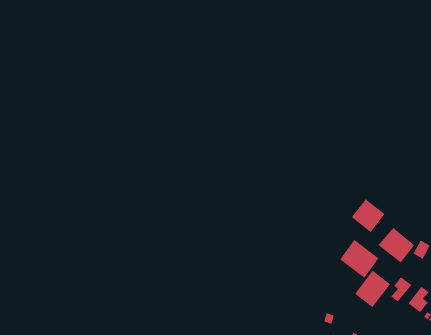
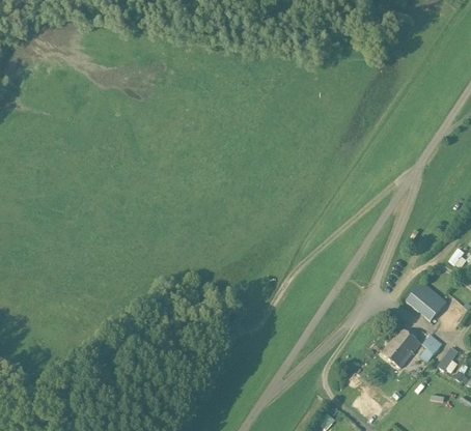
building: [351,198,385,233] -> none
building: [339,239,380,279] -> none

